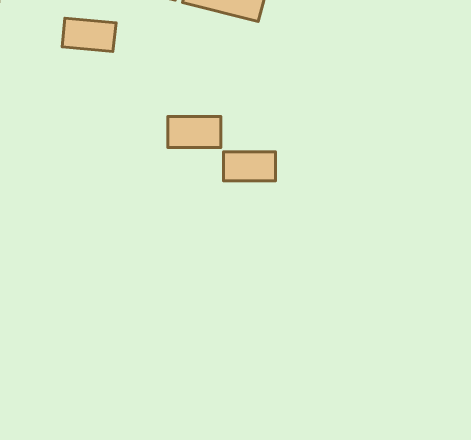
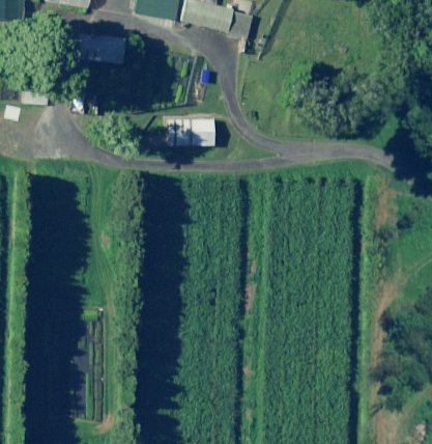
building: [224,152,275,181] -> none

